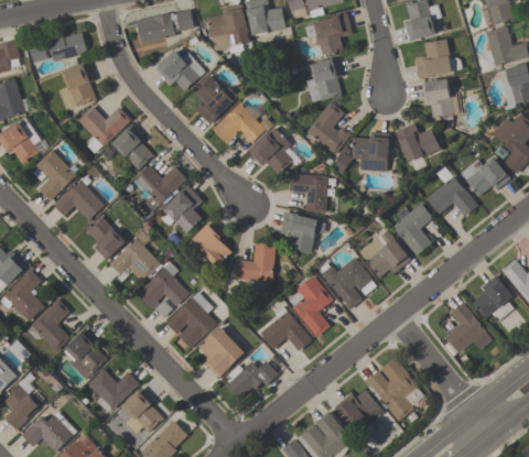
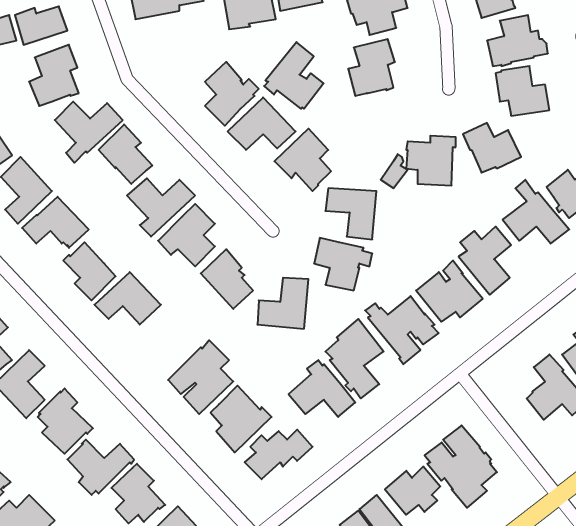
building: [155,50,205,90] -> none
building: [304,101,350,153] -> [264,42,324,109]
building: [136,261,188,317] -> none

